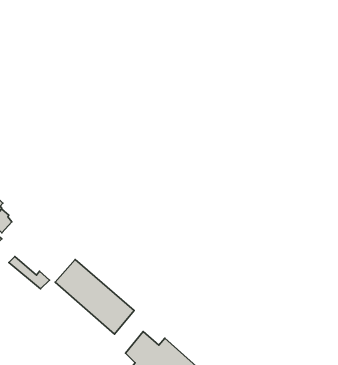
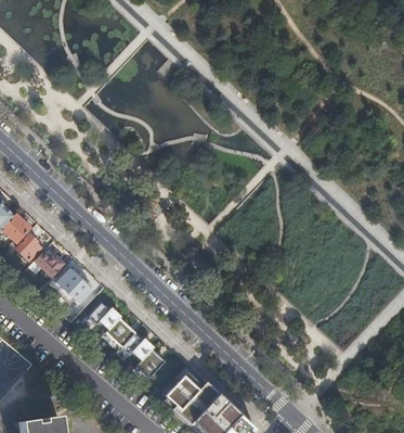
building: none -> [35,250,65,278]
building: none -> [56,268,94,306]

